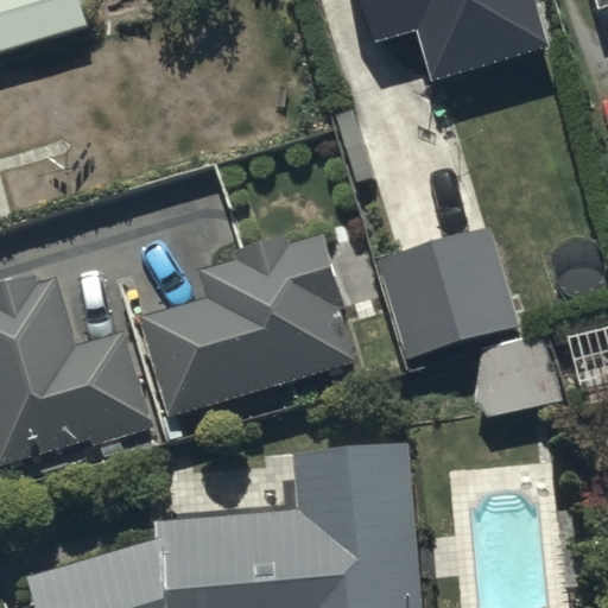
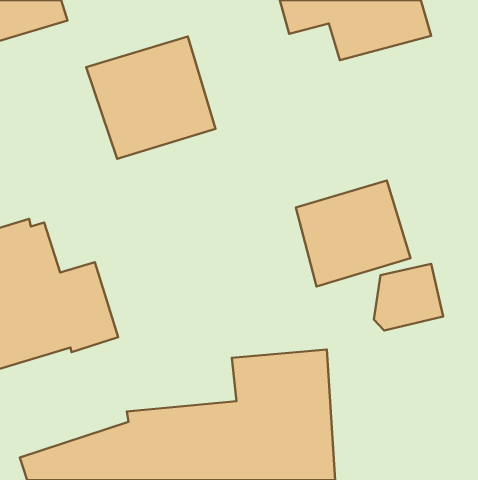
building: none -> [86,37,216,159]
building: [138,232,360,418] -> none

